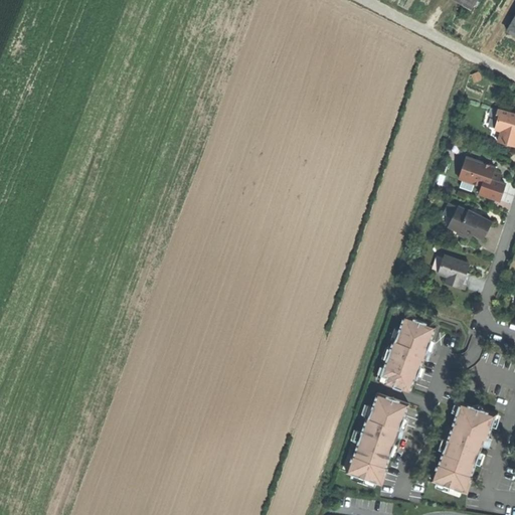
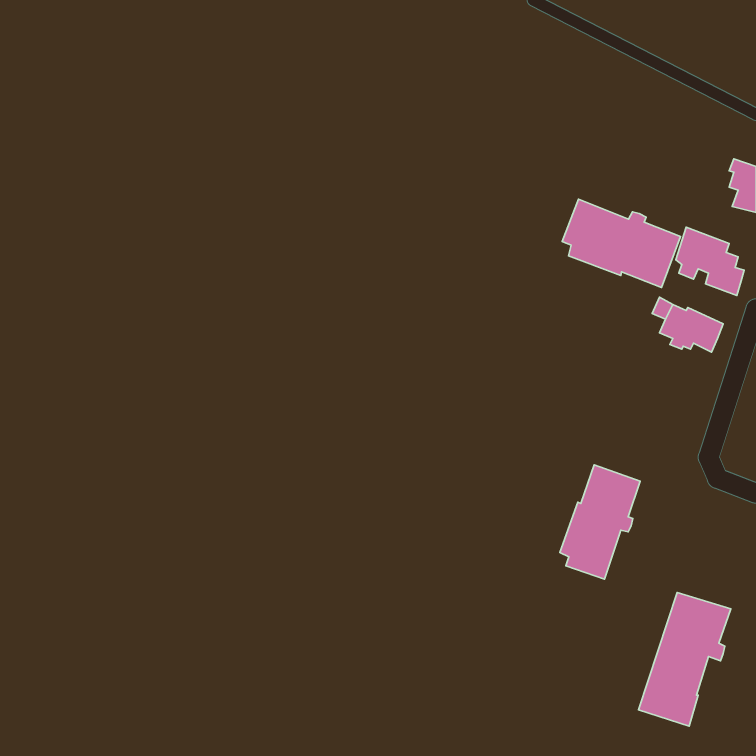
building: none -> [562,199,681,287]
building: [436,254,468,290] -> none
building: [346,394,408,487] -> none

